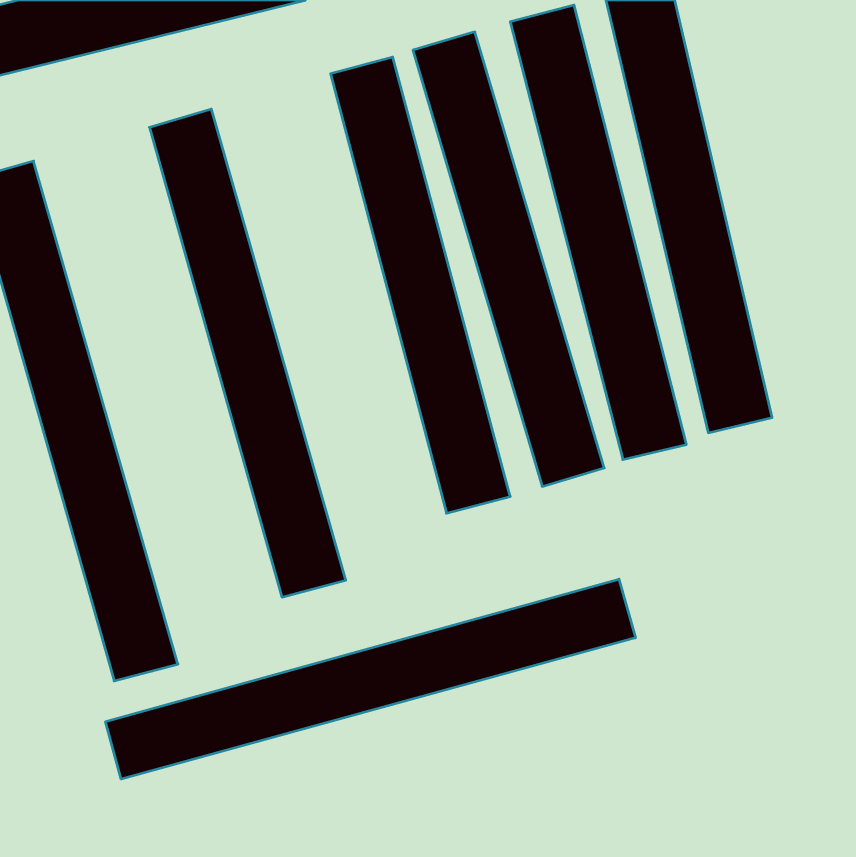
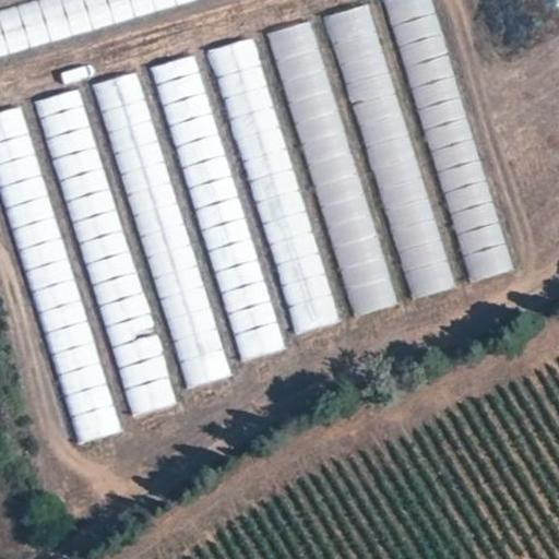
building: none -> [156,55,281,361]
building: none -> [39,88,170,416]
building: [106,579,635,779] -> none

